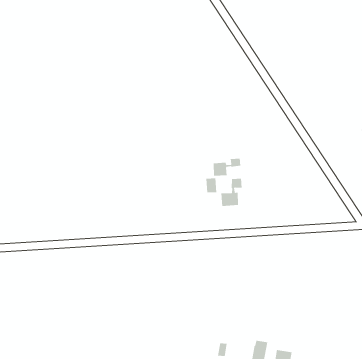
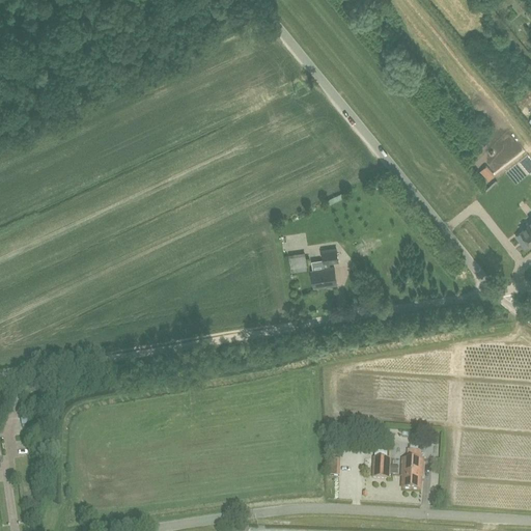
building: [213,158,241,176] -> none

